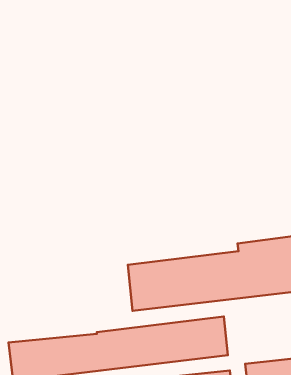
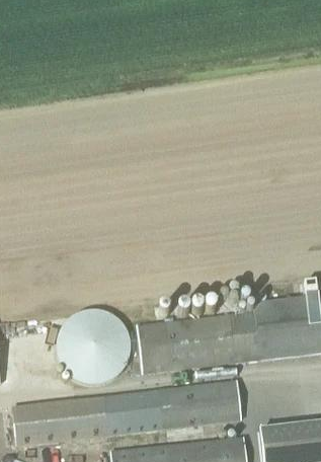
building: none -> [55,312,128,385]

